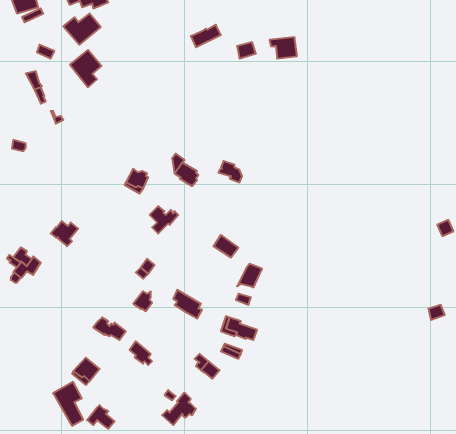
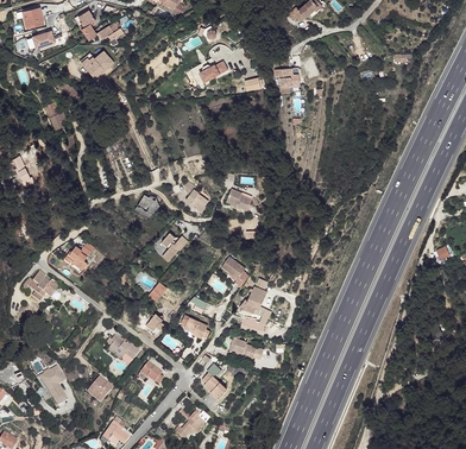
building: [70,50,101,87] -> none
building: [53,382,83,426] -> [38,365,67,406]

